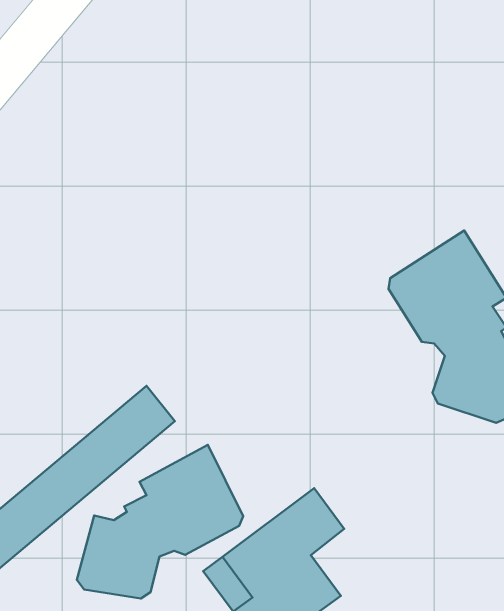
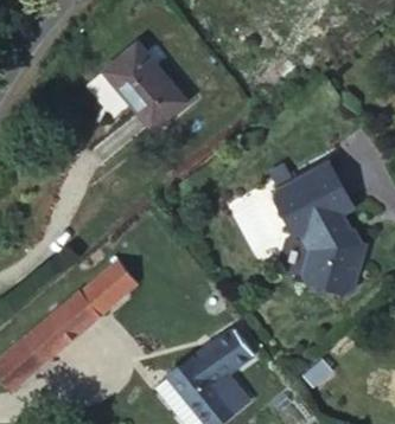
building: none -> [103,43,185,128]
building: [77,445,243,599] -> none

